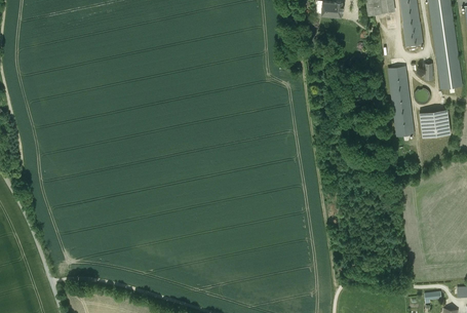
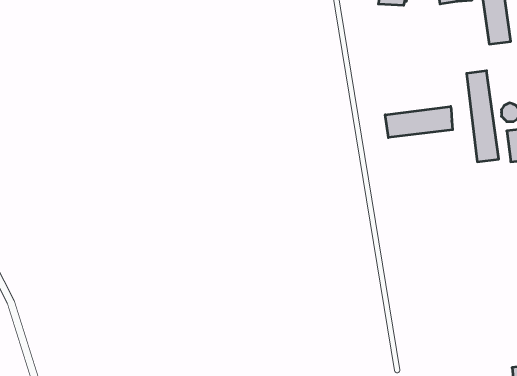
building: none -> [385,106,453,138]

